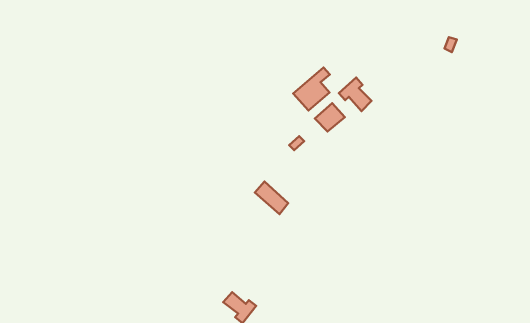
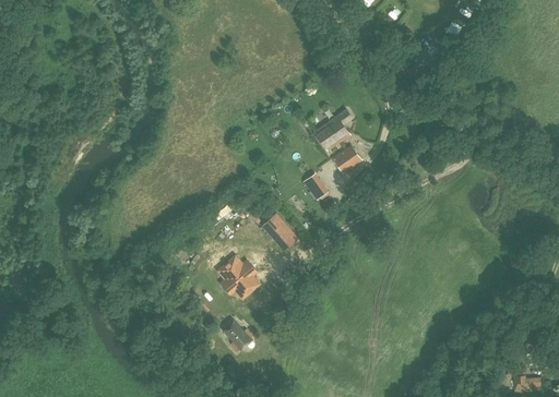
building: [339,78,371,111] -> none
building: none -> [215,254,259,298]

